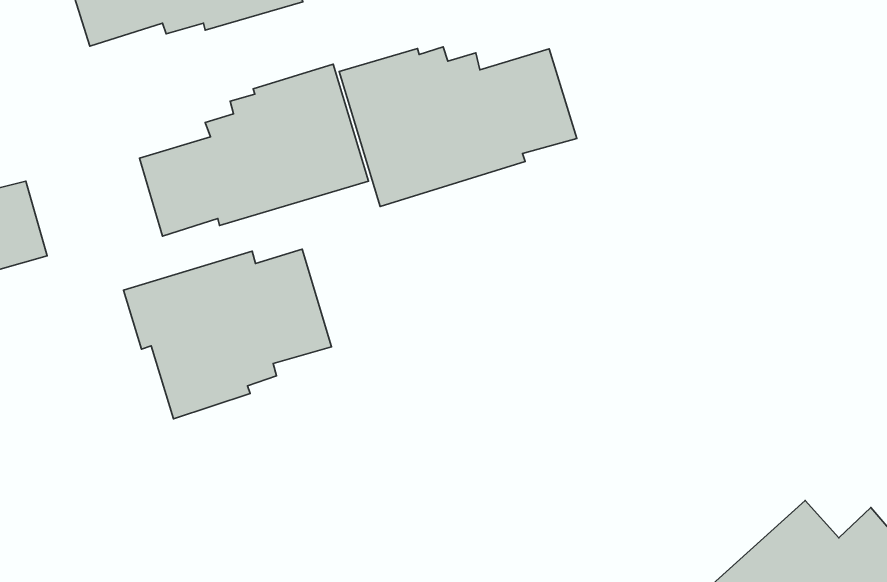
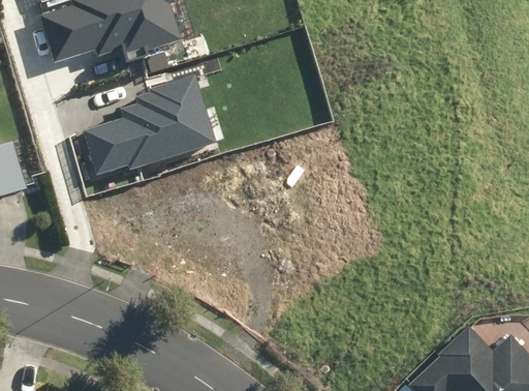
building: [339,47,577,207] -> none
building: [124,249,331,419] -> none

